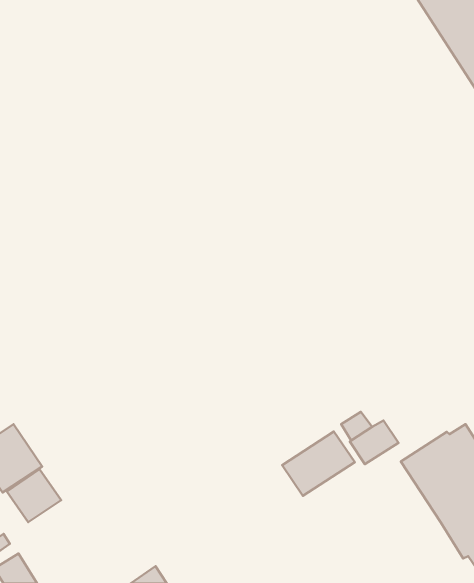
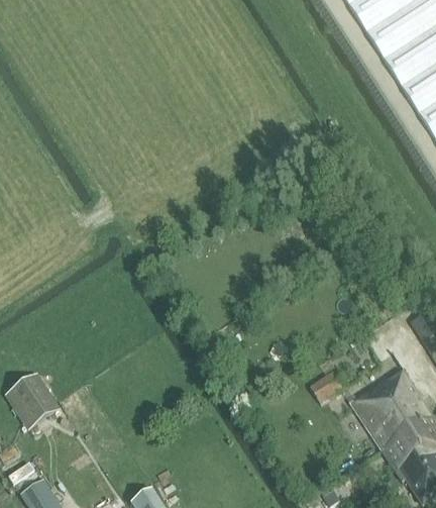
building: [282,432,355,496] -> none
building: [7,469,61,522] -> none

